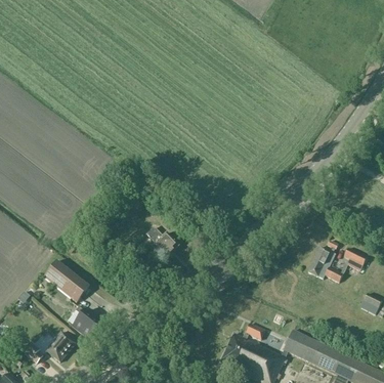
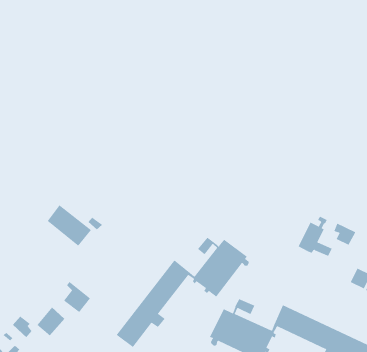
building: [146,226,179,258] -> none
building: [44,259,89,301] -> [47,205,92,246]
building: none -> [116,237,249,348]

